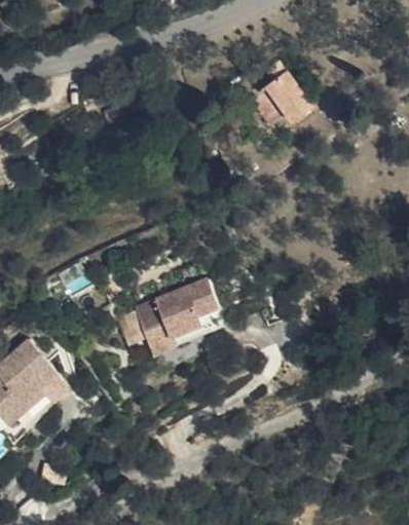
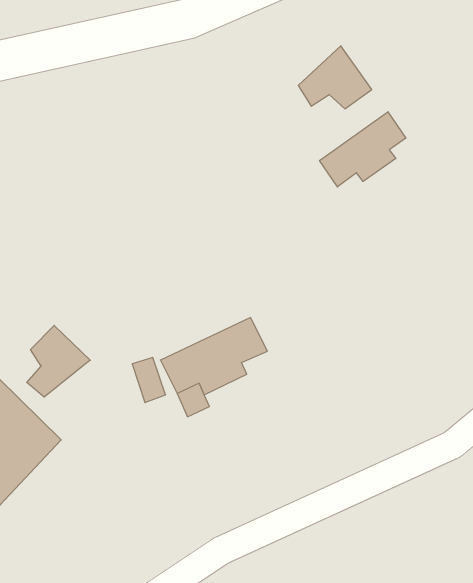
building: none -> [320,112,406,187]
building: none -> [27,325,90,397]

